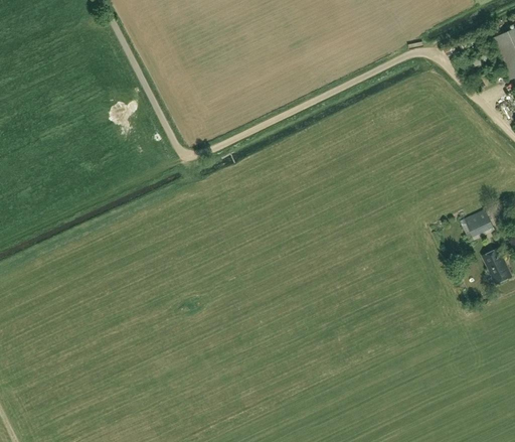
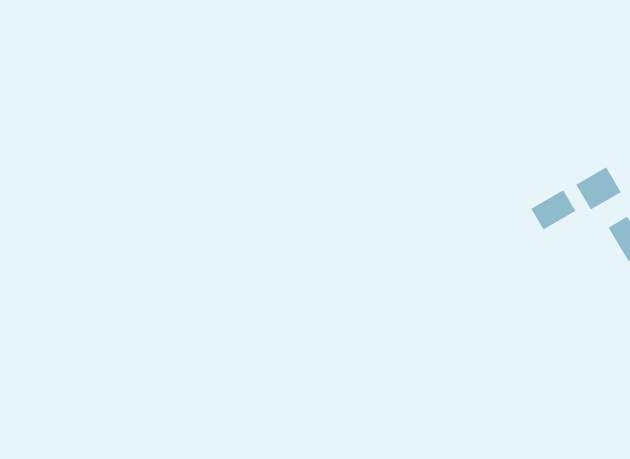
building: none -> [530,189,577,230]

